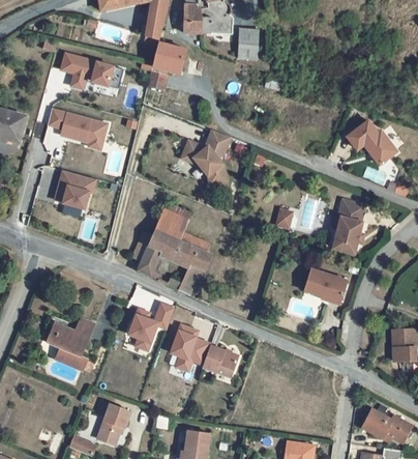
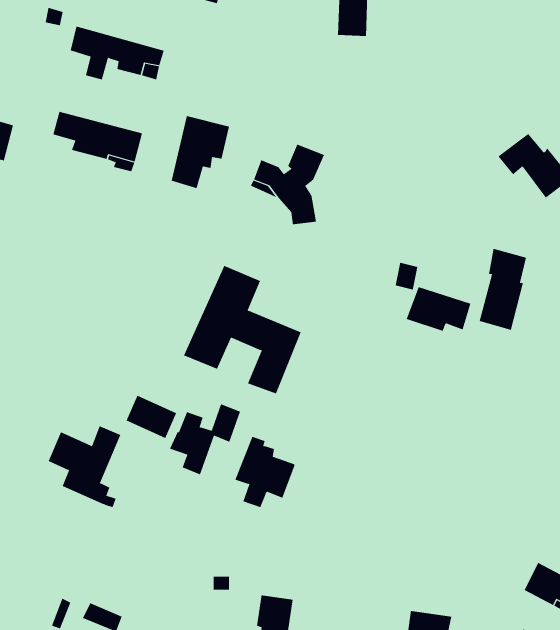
building: [147,39,186,88] -> [171,116,230,189]
building: [55,172,96,211] -> none
building: [303,269,347,299] -> [406,287,471,332]
building: none -> [126,395,177,439]
building: [202,345,238,378] -> none
building: [96,404,129,446] -> none

